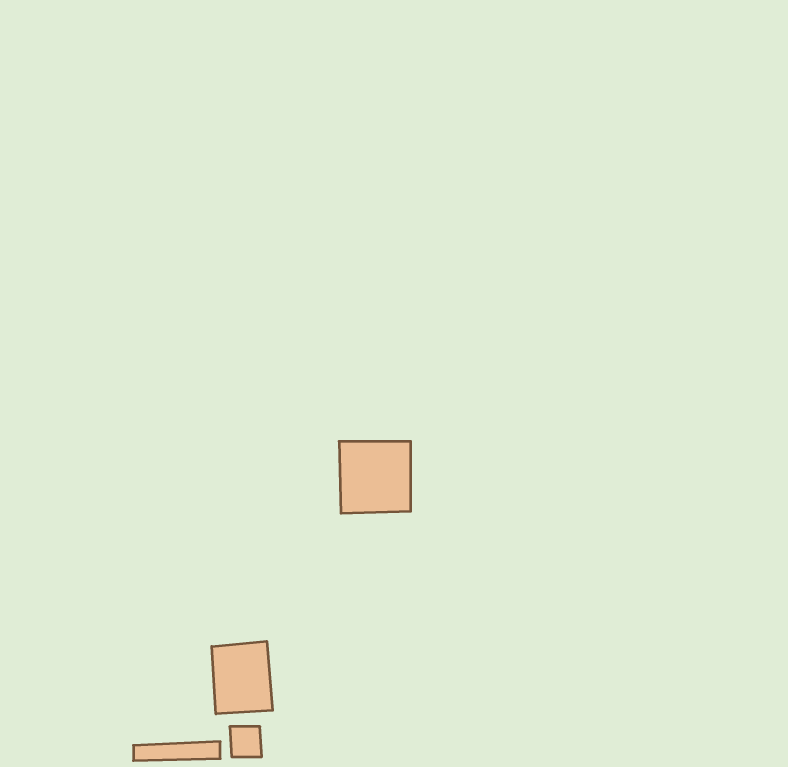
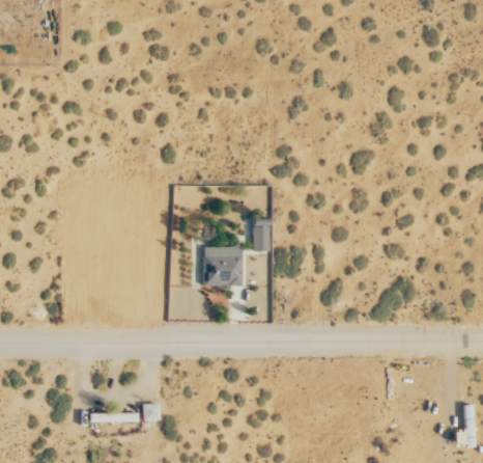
building: none -> [253,219,269,252]
building: [212,641,273,714] -> none

